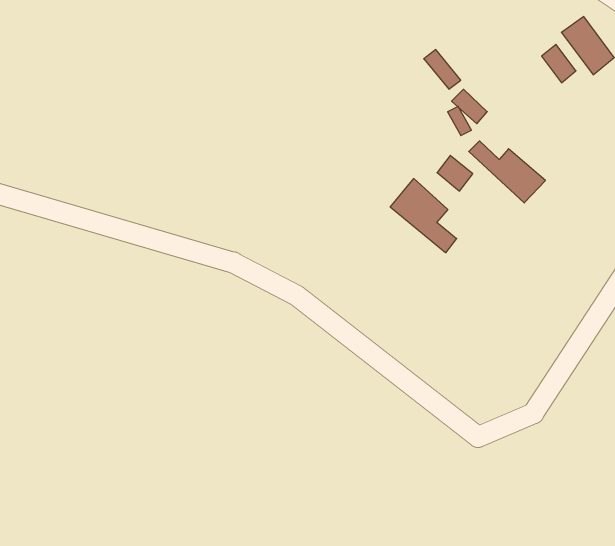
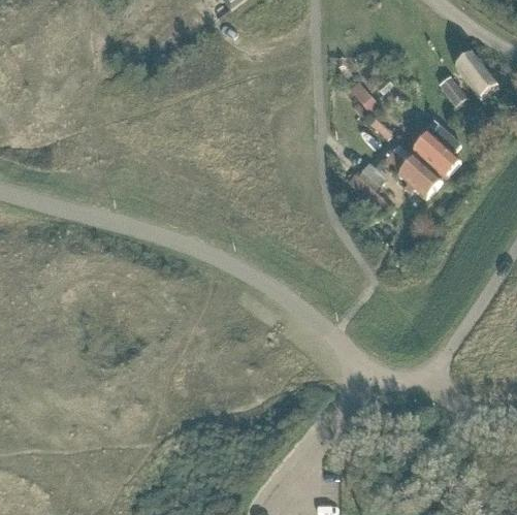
building: none -> [412,118,458,175]
building: [390,179,457,253] -> none

